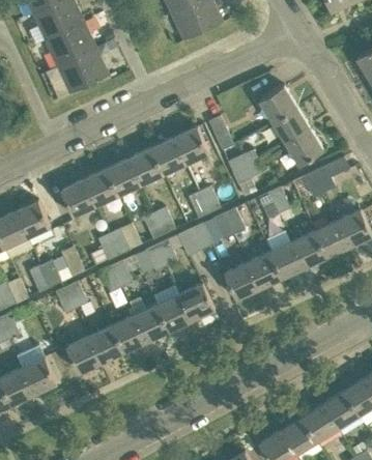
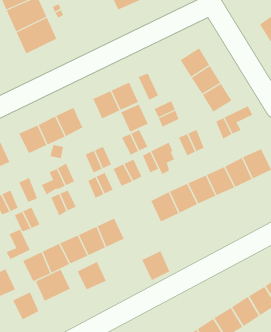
building: [128,148,163,183] -> [121,104,148,132]
building: [178,283,213,320] -> [142,250,170,281]
building: none -> [6,229,30,260]
building: none -> [77,261,107,290]
building: none -> [35,269,70,302]
building: none -> [13,292,39,320]

